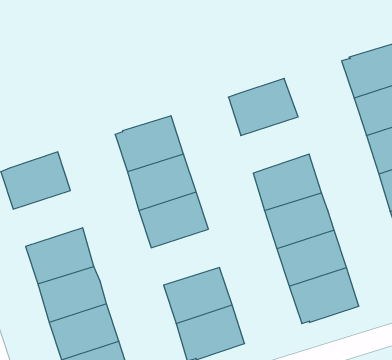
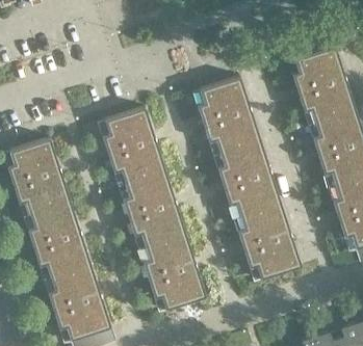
building: none -> [203,109,260,156]
building: none -> [12,170,71,217]
building: none -> [128,203,185,249]

